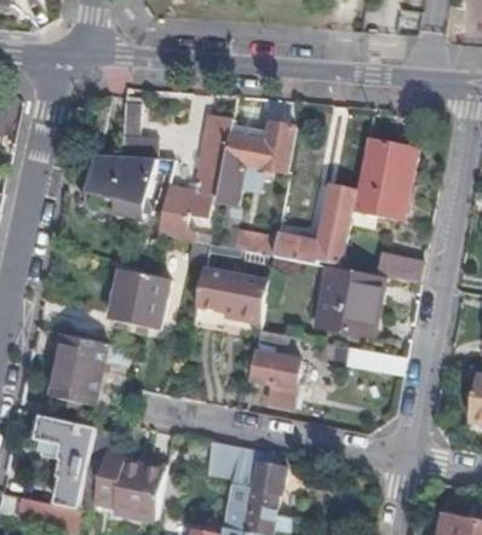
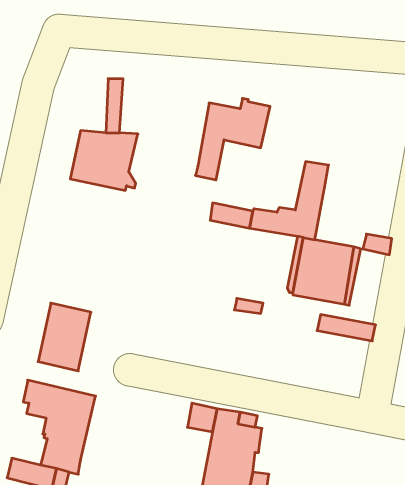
building: [156,115,230,236] -> none
building: [351,136,415,219] -> none
building: [194,264,268,322] -> none
building: [109,270,167,330] -> none
building: [248,351,299,405] -> none
building: [93,453,165,520] -> none

